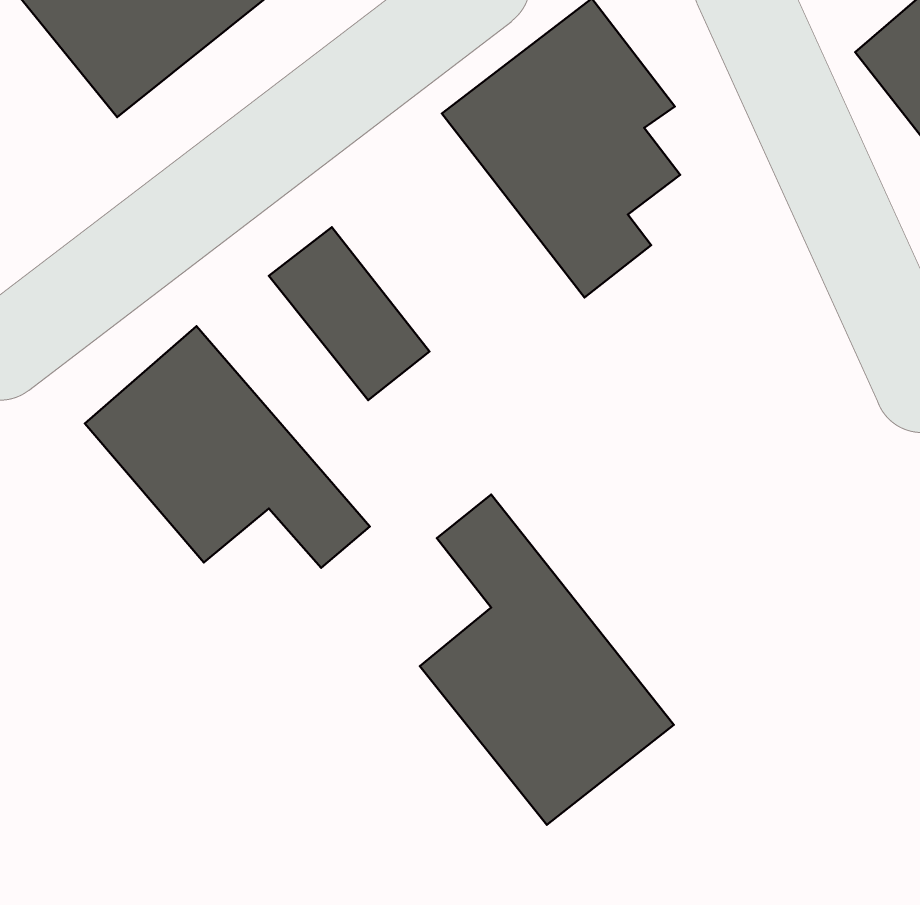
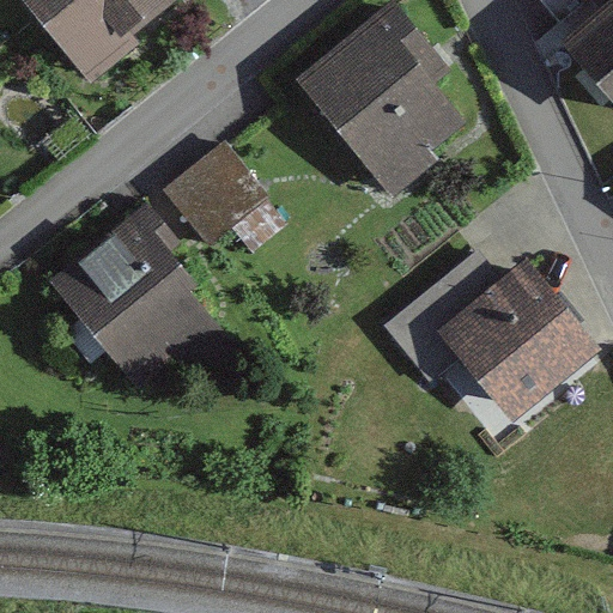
building: none -> [432,257,593,420]
building: [420,494,674,825] -> none

